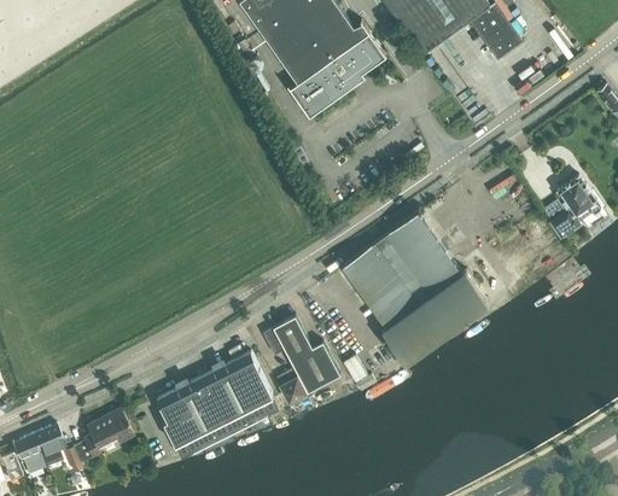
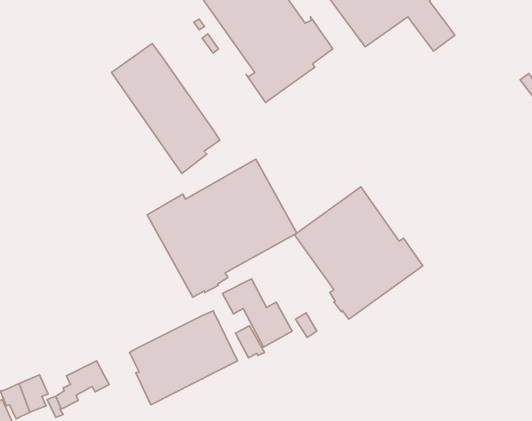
building: none -> [112,44,220,173]
building: [548,176,597,240] -> none
building: none -> [147,159,297,297]

